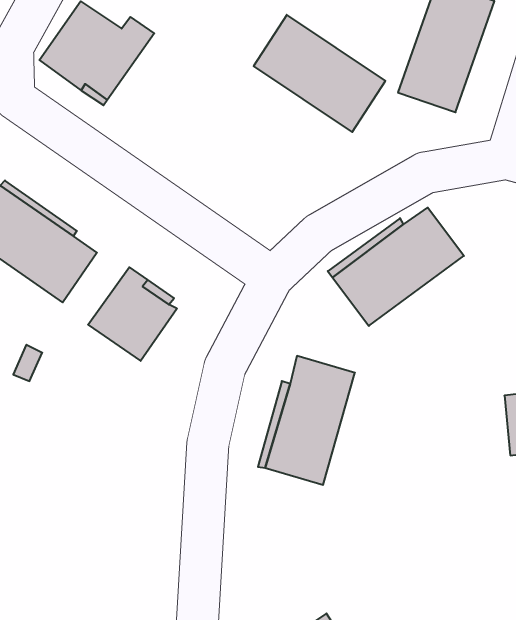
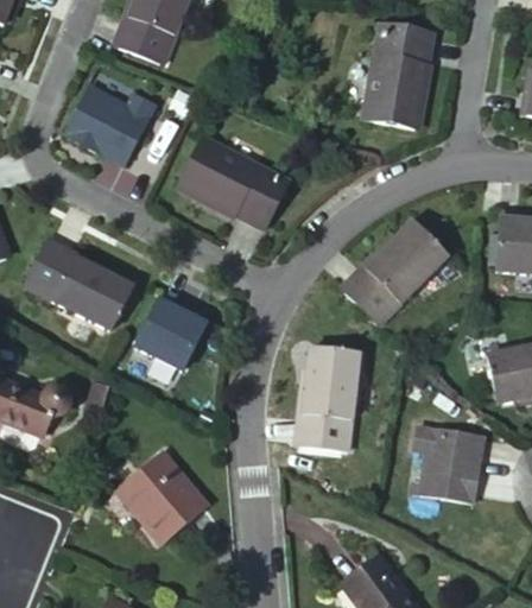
building: [254,15,385,132] -> [179,137,290,226]
building: none -> [119,432,207,524]
building: none -> [394,428,468,505]

